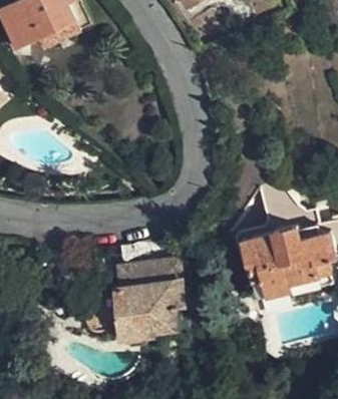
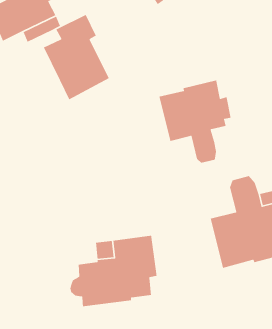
building: none -> [43,14,110,100]
building: none -> [158,79,232,164]

